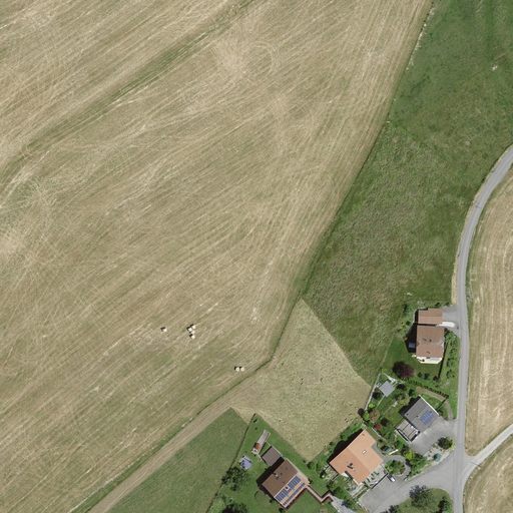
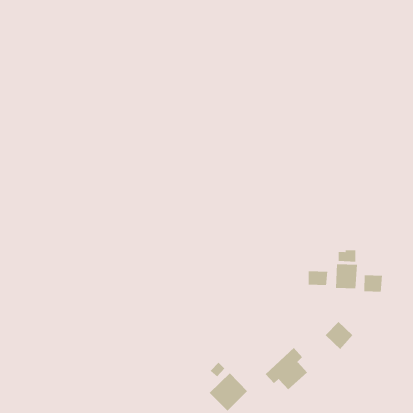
building: none -> [308,270,328,286]
building: none -> [364,274,382,293]

